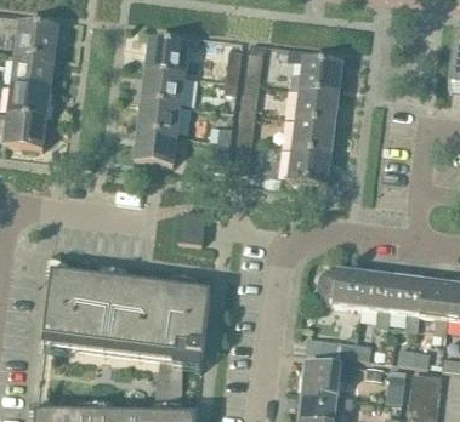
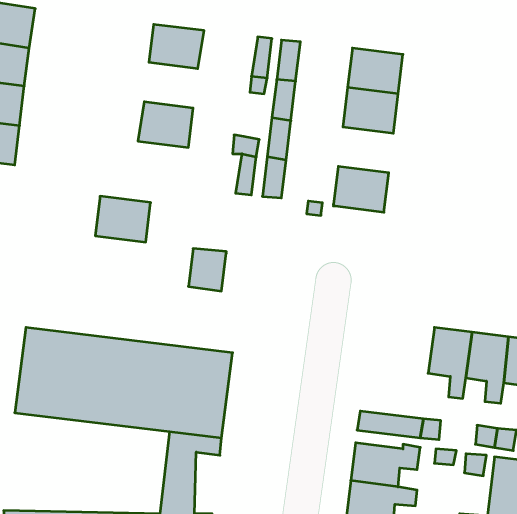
building: [142,68,183,103] -> none
building: [291,118,334,153] -> none
building: [134,129,176,164] -> [95,196,151,242]
building: [317,268,365,307] -> none

